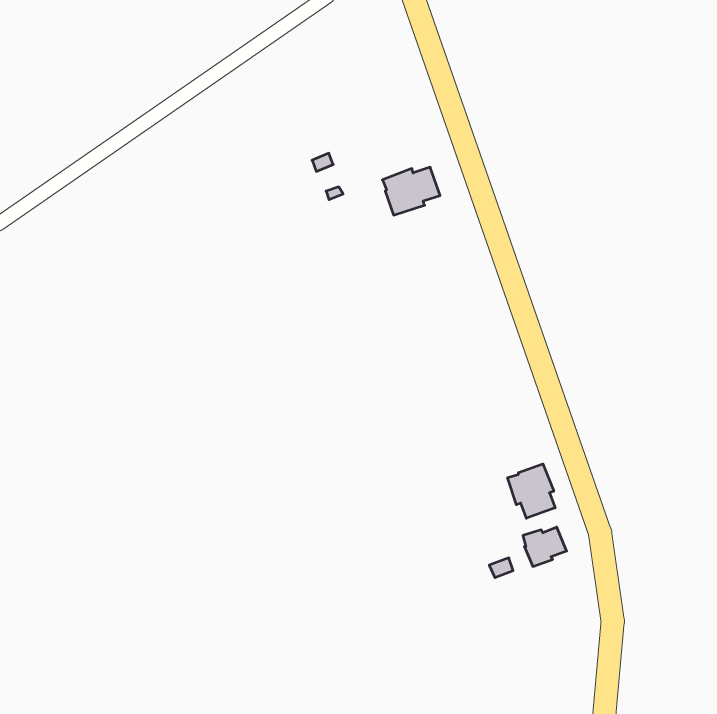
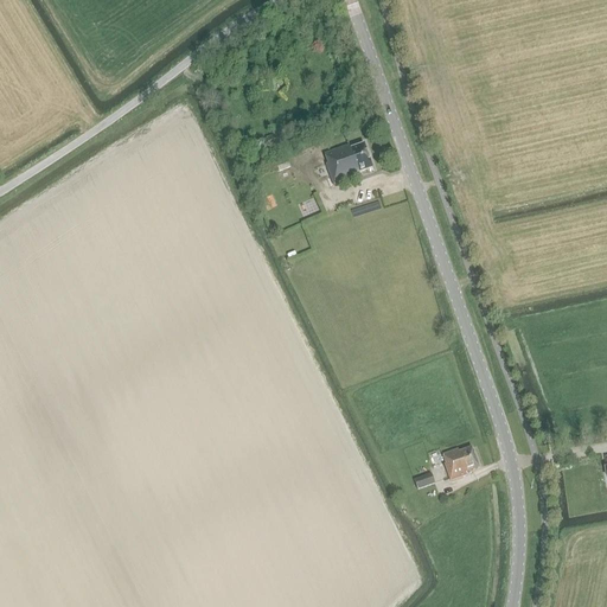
building: [508,464,555,518] -> none

